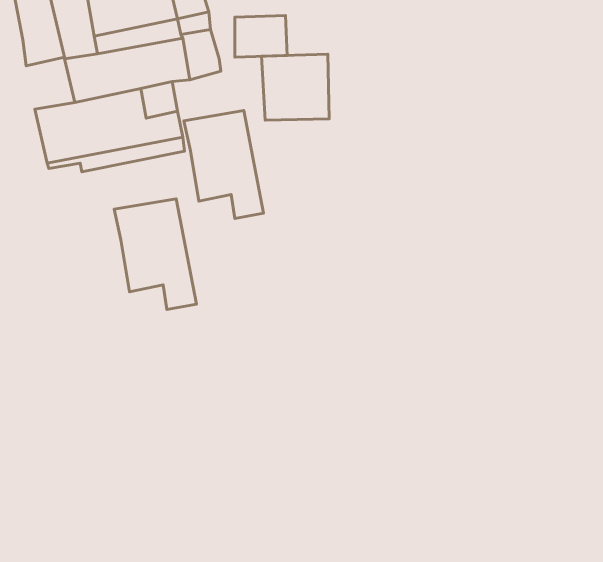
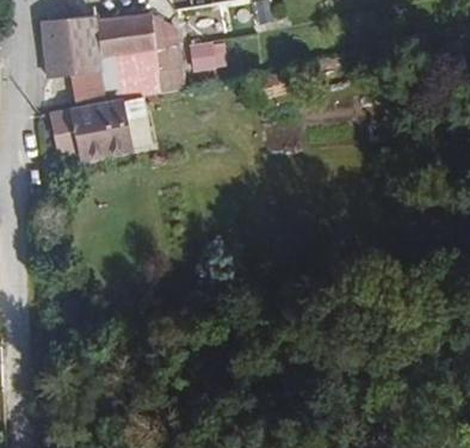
building: [261,54,329,120] -> none
building: [184,111,264,219] -> none
building: [114,199,196,310] -> none

